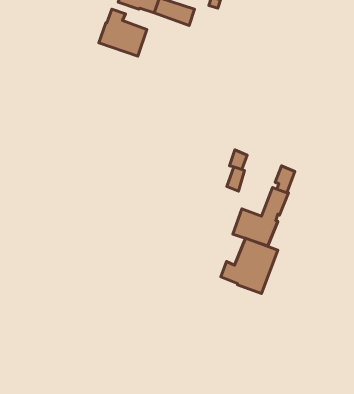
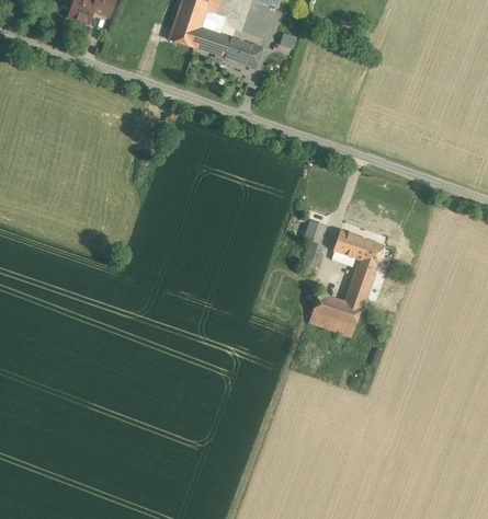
building: [99,9,147,56] -> none
building: none -> [333,229,367,258]
building: [221,238,278,294] -> none

